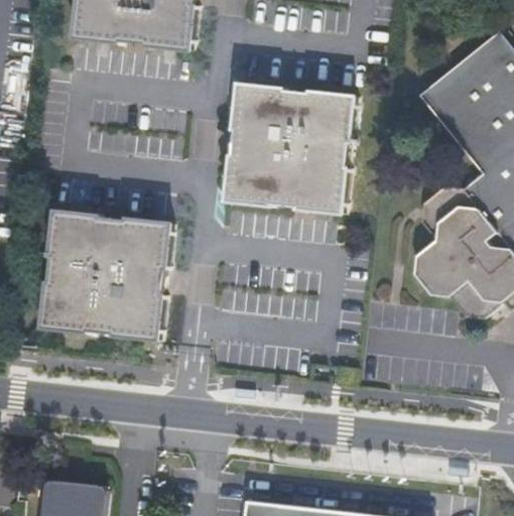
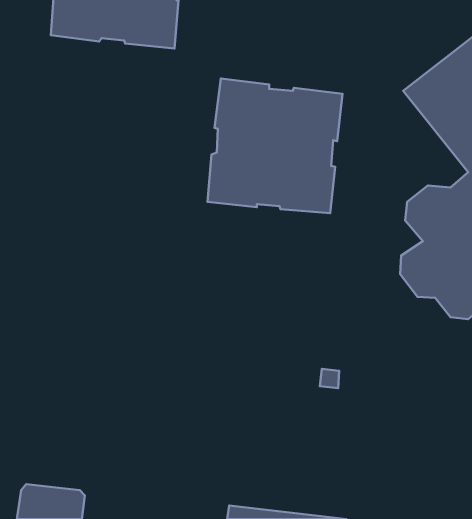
building: [42,210,174,341] -> none

